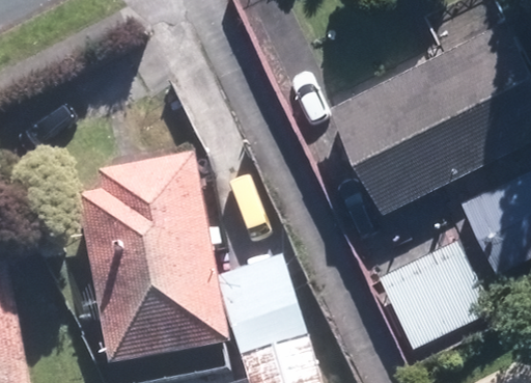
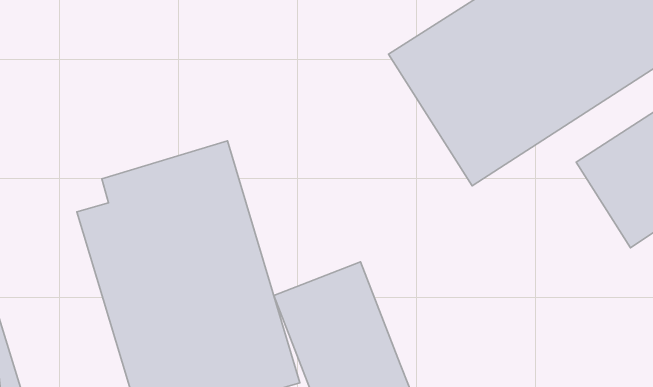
building: [376,239,488,346] -> none

